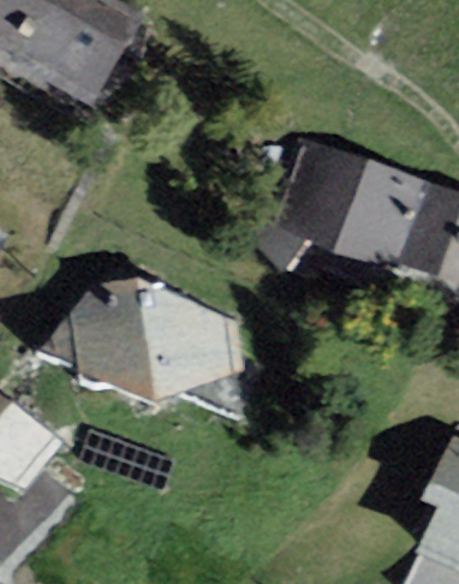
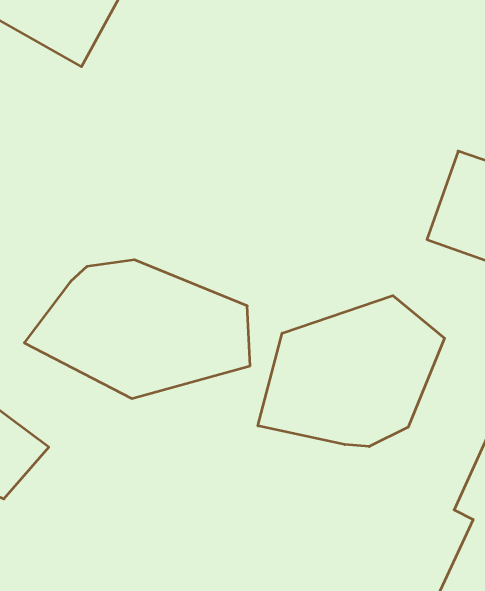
building: [279,142,424,268] -> none
building: none -> [258,296,445,447]

